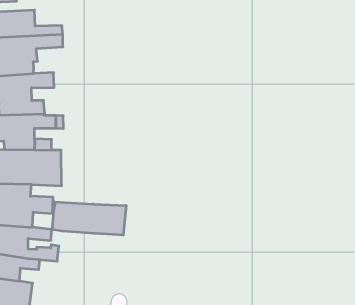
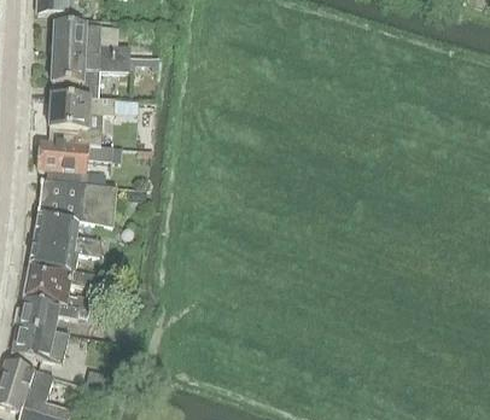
building: [52,202,126,235] -> none

